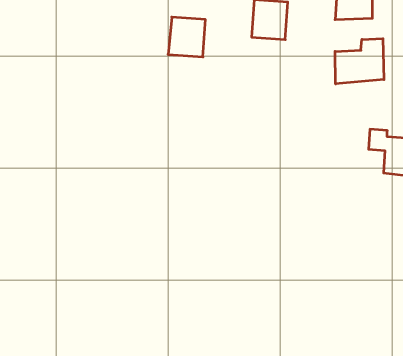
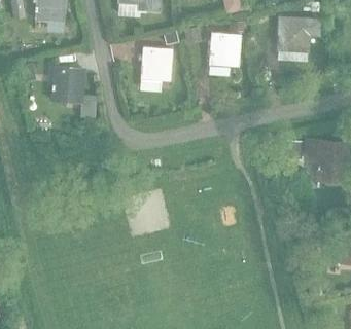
building: [335,39,384,84] -> none
building: none -> [51,67,82,100]

